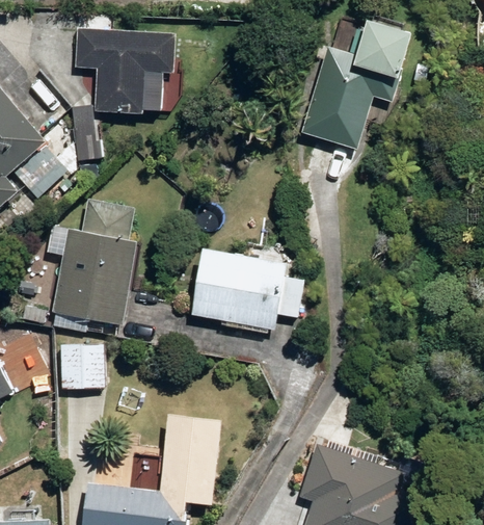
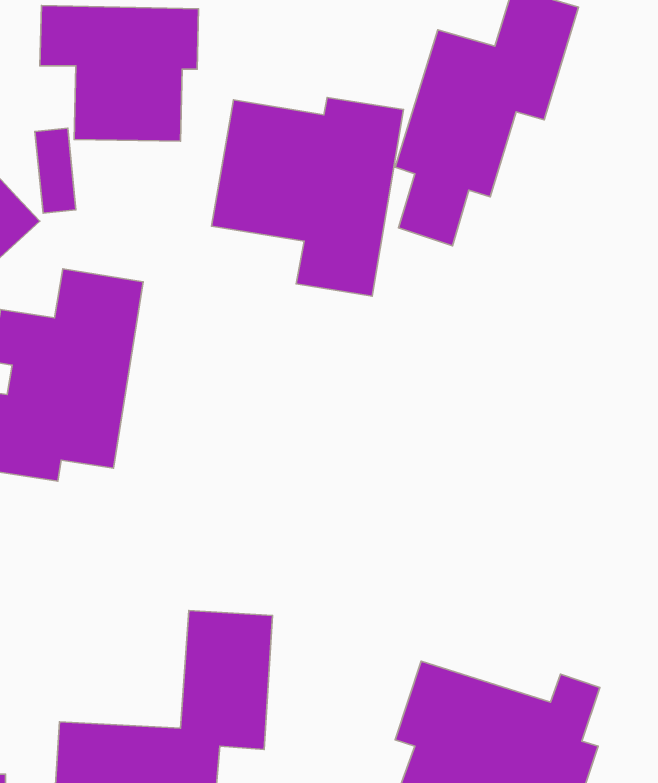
building: none -> [212,97,403,296]
building: [195,247,303,331] -> none
building: [58,342,103,389] -> none

